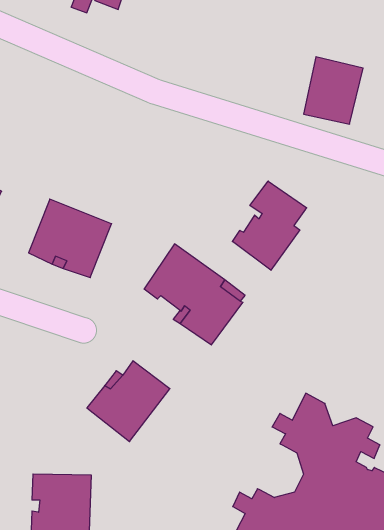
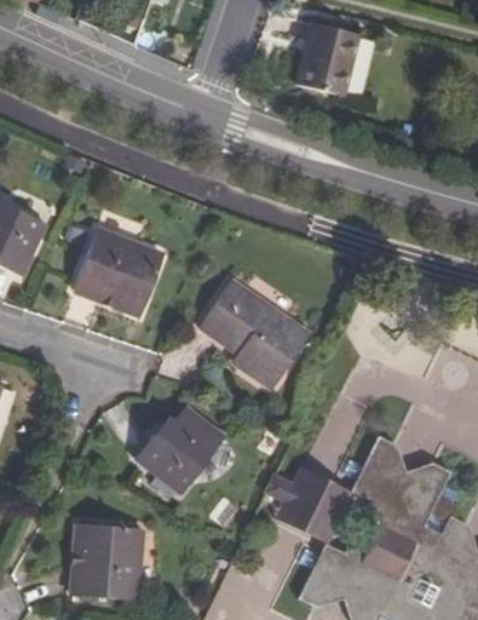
building: [304,57,363,124] -> [298,25,362,98]
building: [232,181,307,270] -> none
building: none -> [265,471,347,544]

